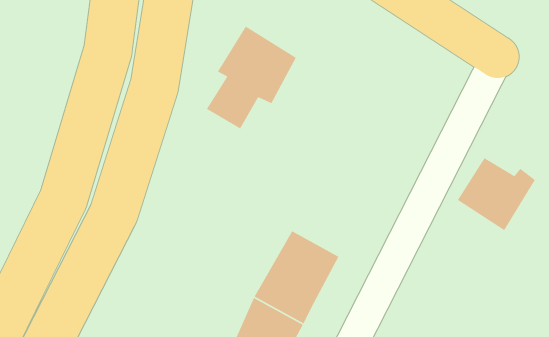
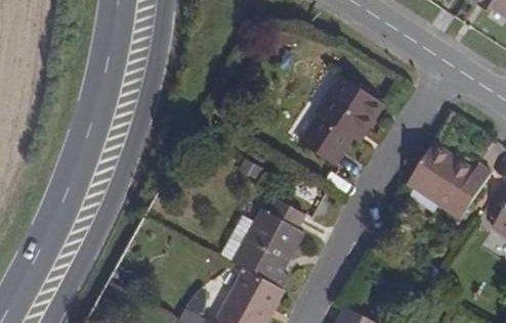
building: [206,25,297,129] -> [307,75,385,164]

